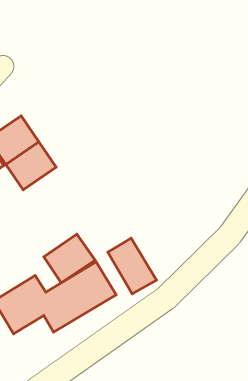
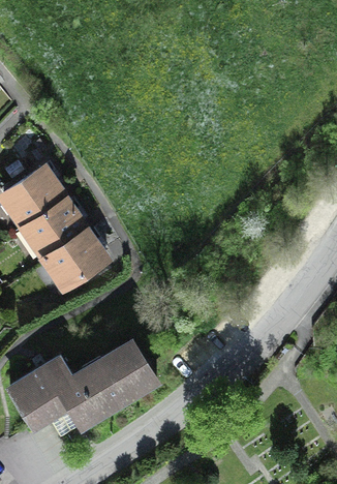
building: [44,234,95,283] -> [44,228,105,285]
building: [108,238,156,294] -> none

